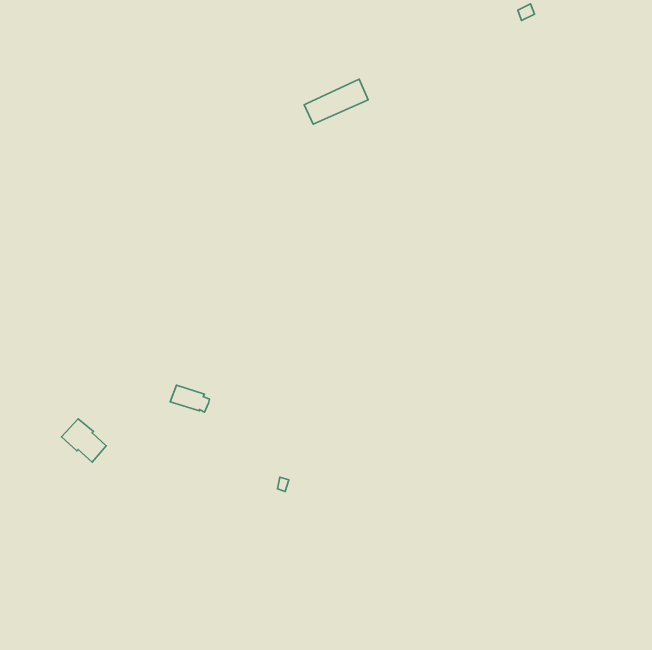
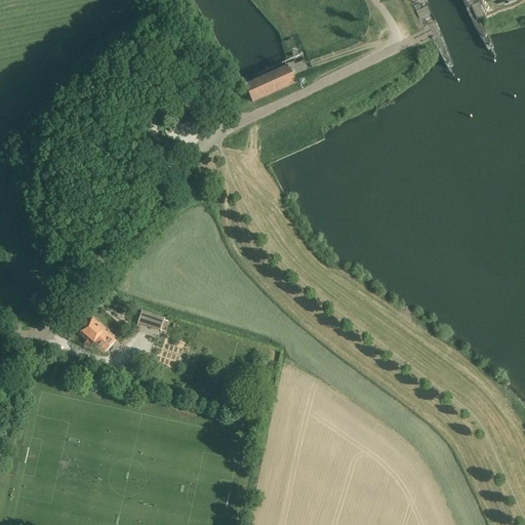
building: [62,419,106,462] -> [79,317,115,352]

